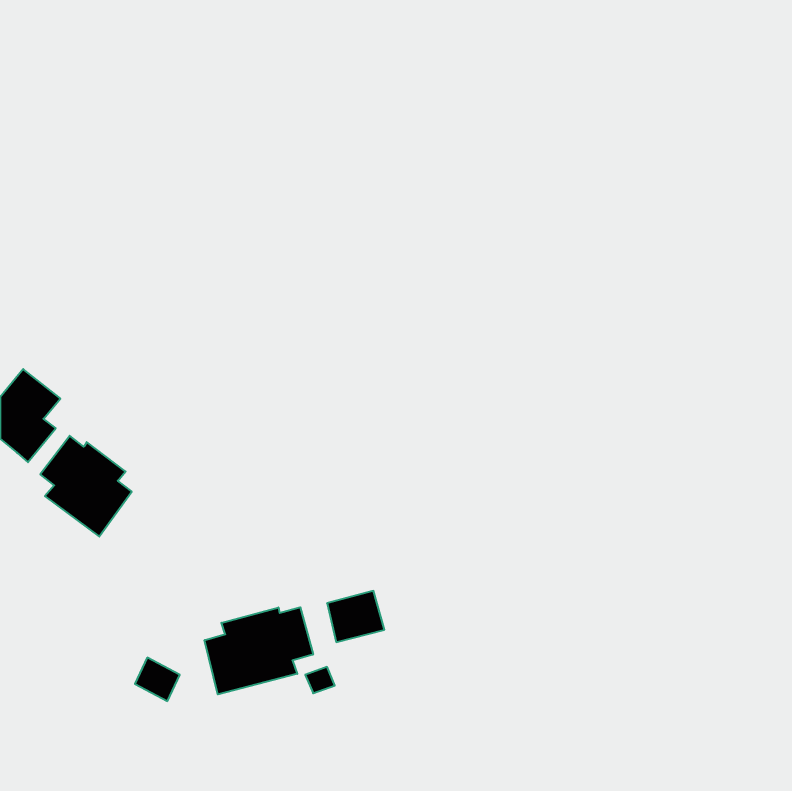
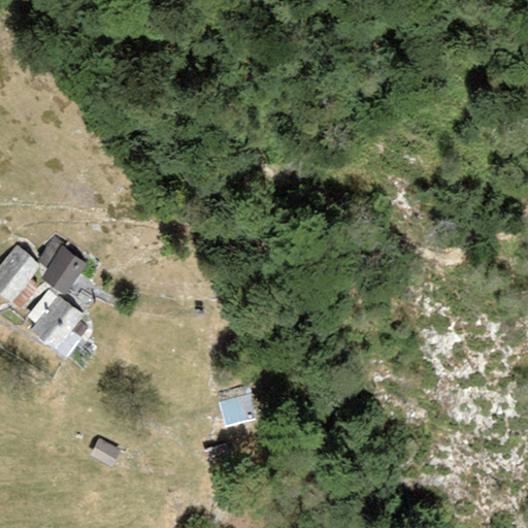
building: none -> [37,236,87,294]
building: [205,607,313,694] -> none

